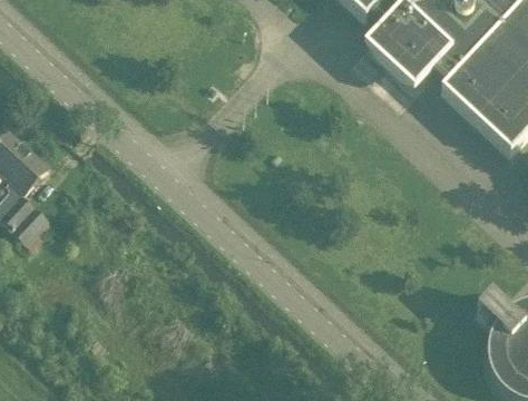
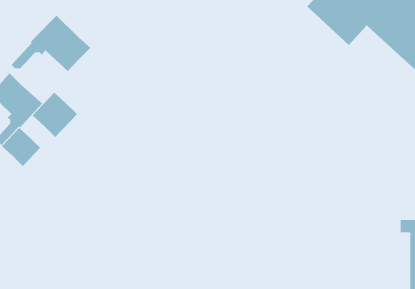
building: none -> [11,15,91,72]
building: none -> [32,92,78,138]

